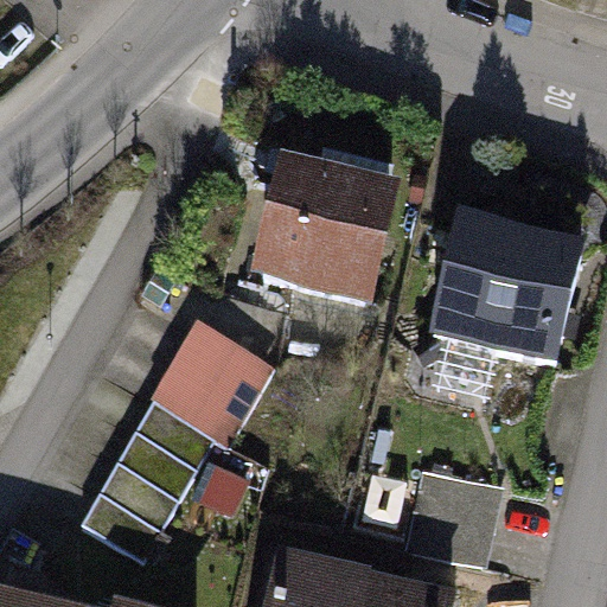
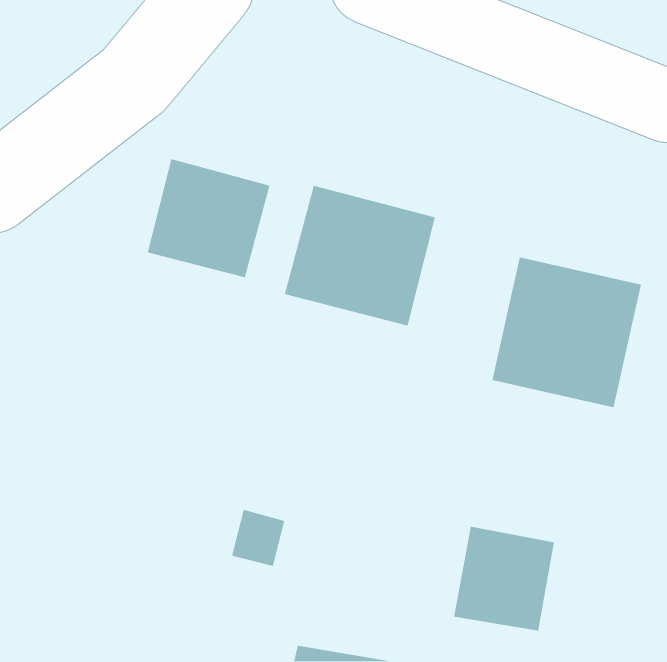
building: none -> [147,158,270,278]
building: [83,330,261,560] -> none

